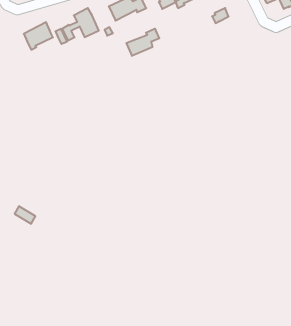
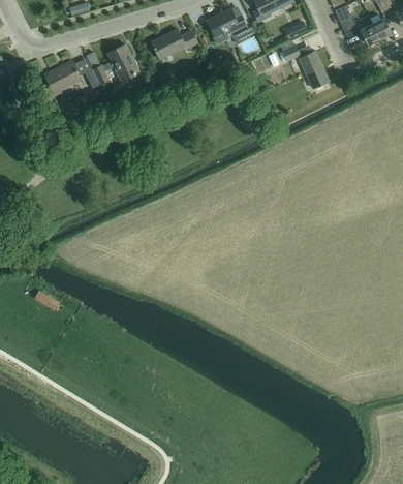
building: none -> [299,50,330,88]
building: [126,29,159,56] -> none

